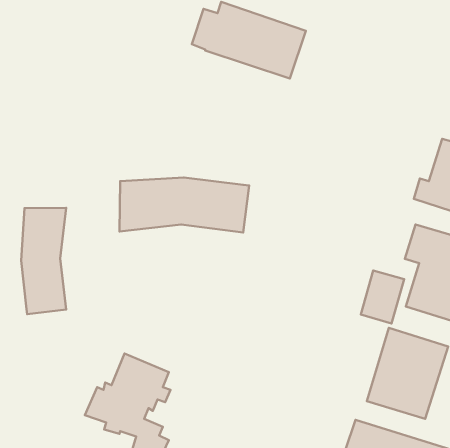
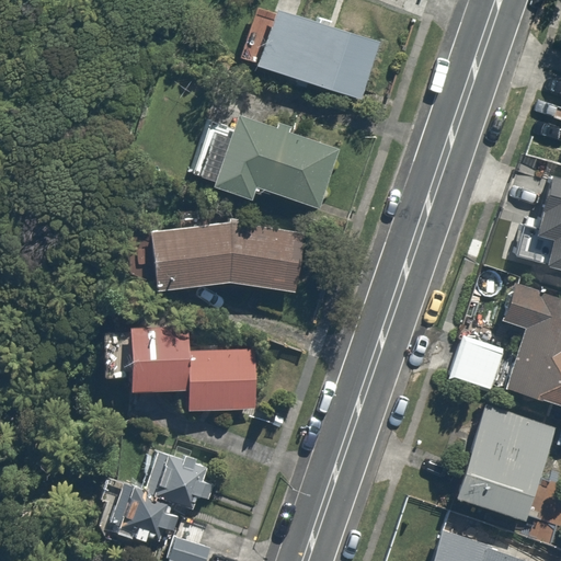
building: none -> [190,110,342,209]
building: [21,208,66,314] -> none
building: none -> [127,323,260,411]

